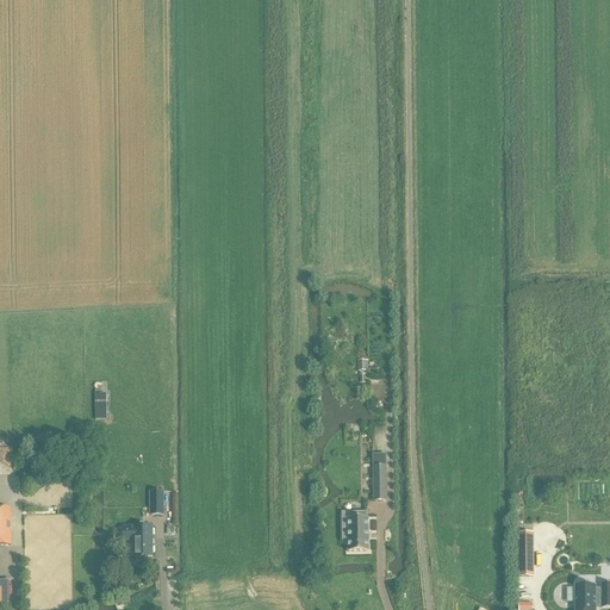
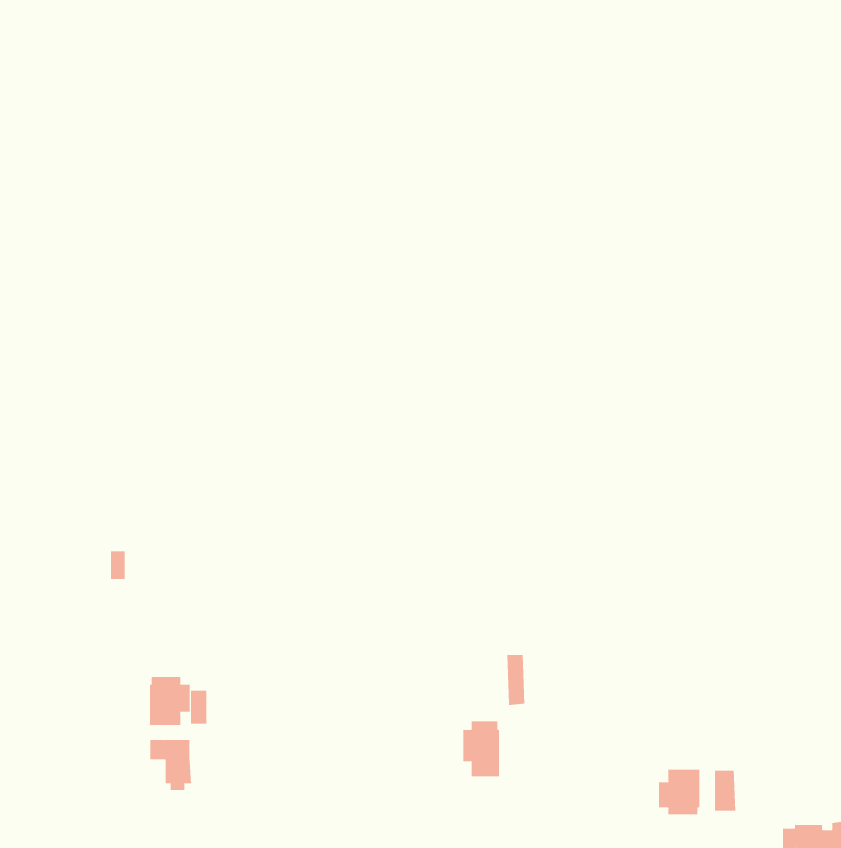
building: none -> [149,676,190,726]
building: none -> [659,769,700,815]

